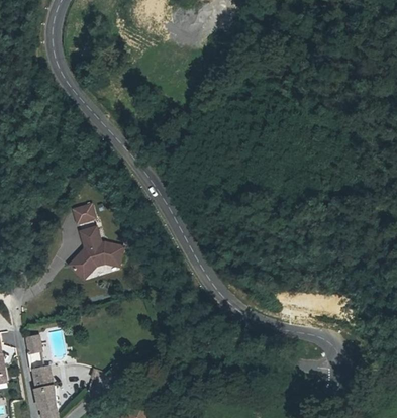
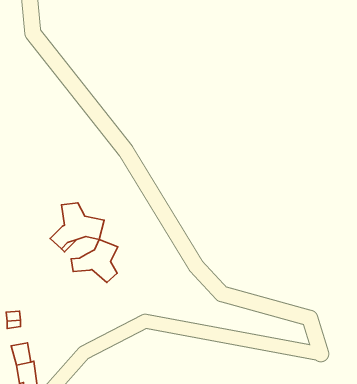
building: [69,202,94,225] -> none
building: none -> [71,240,118,283]

